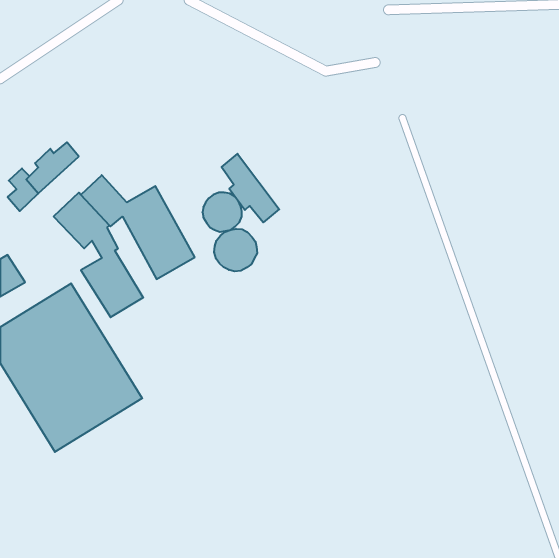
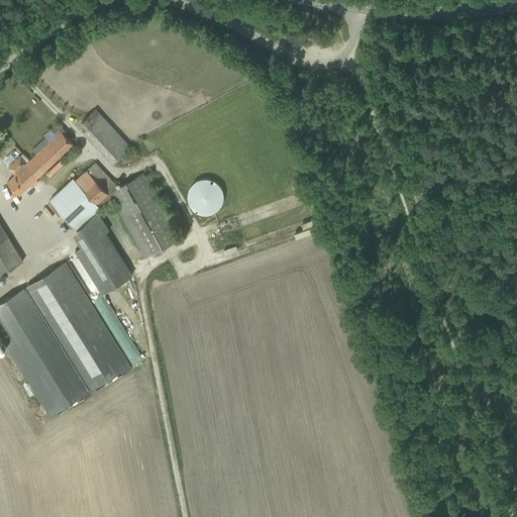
building: none -> [82,109,130,164]
building: [222,154,279,222] -> none
building: [214,229,257,271] -> none

